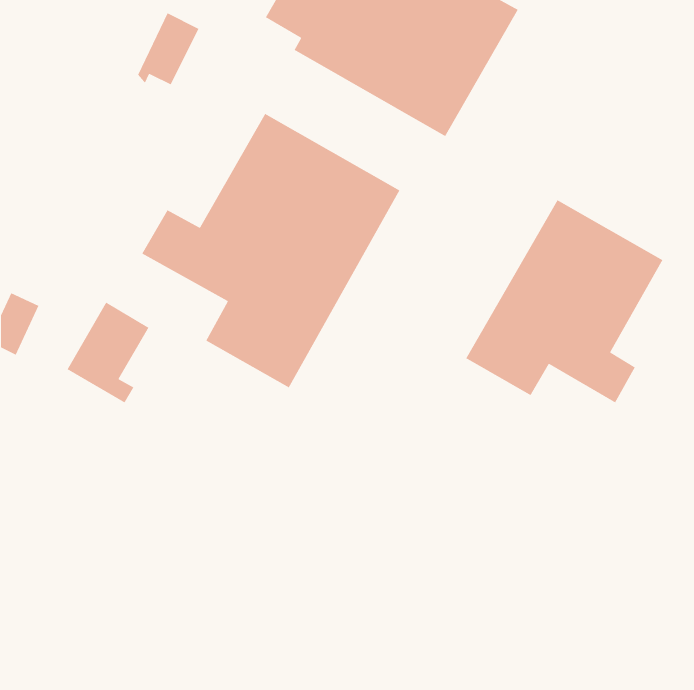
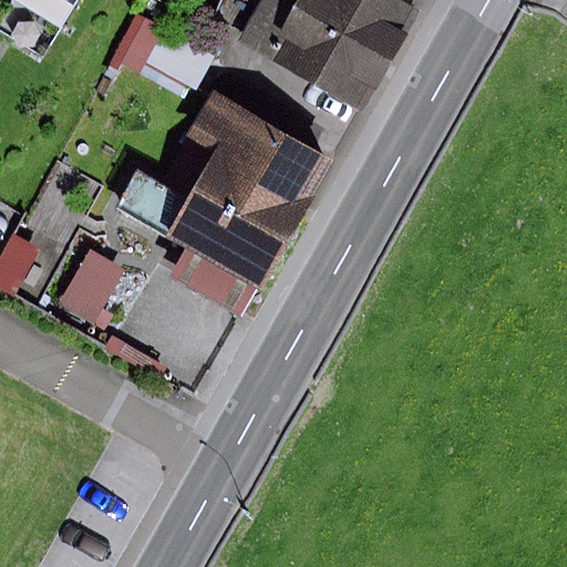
building: [465,199,663,404] -> none

